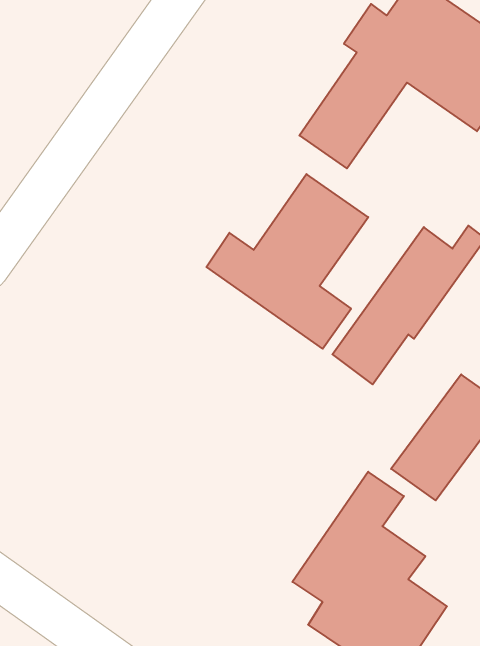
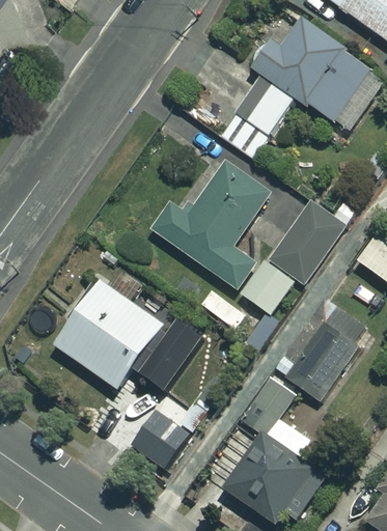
building: none -> [57,279,186,404]
building: none -> [132,403,205,469]

